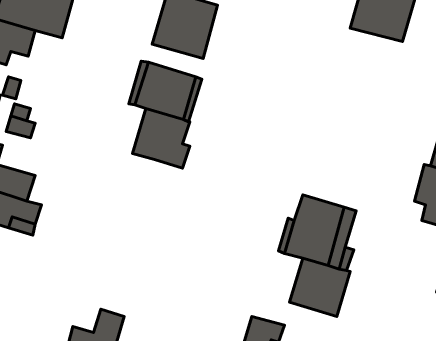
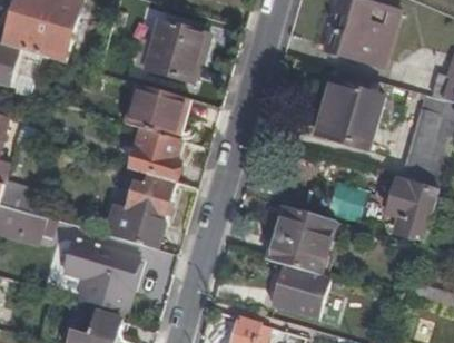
building: none -> [325,82,384,147]
building: none -> [110,175,175,247]
building: none -> [63,238,139,312]

